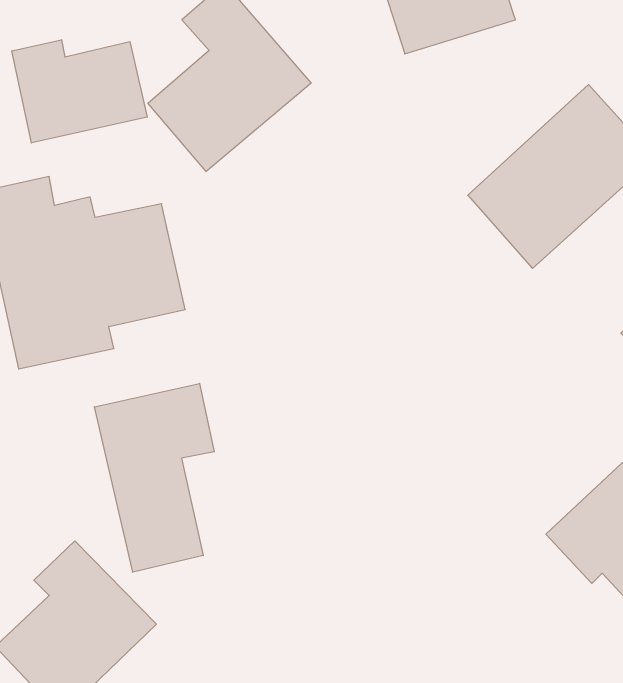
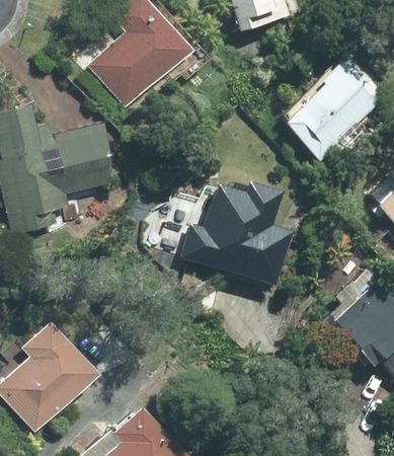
building: [12,40,147,143] -> none
building: none -> [180,175,288,287]
building: [94,383,214,572] -> none

